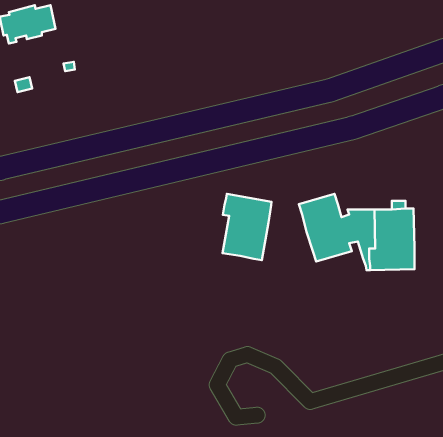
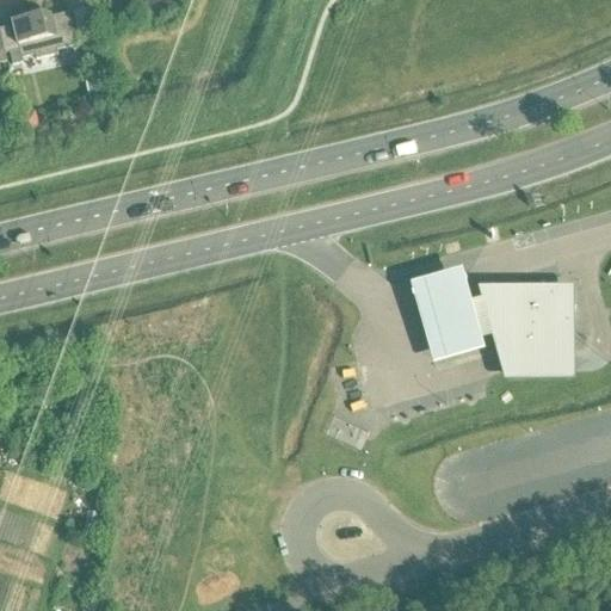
building: [222,194,272,260] -> none

